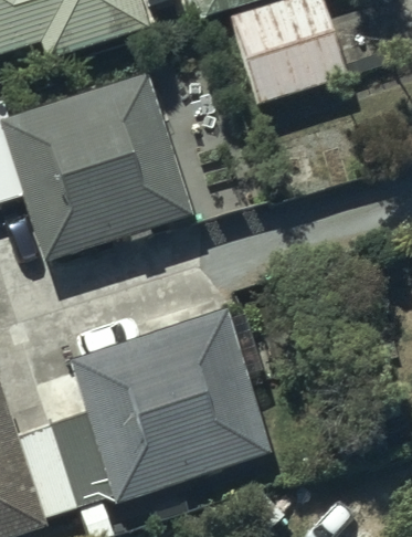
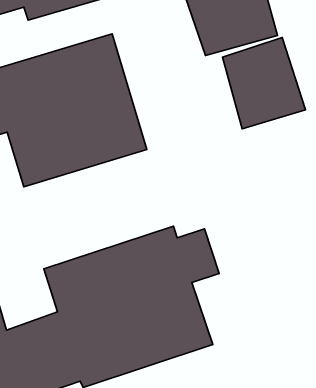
building: none -> [223,37,306,129]

